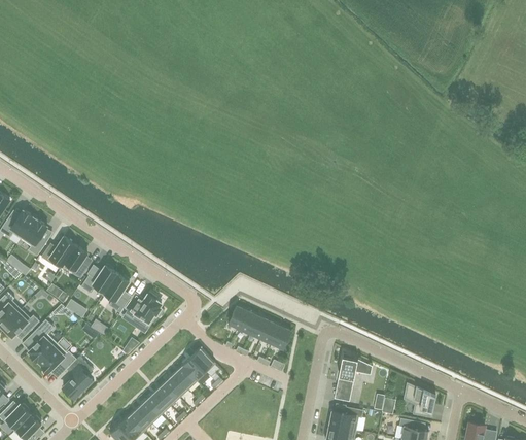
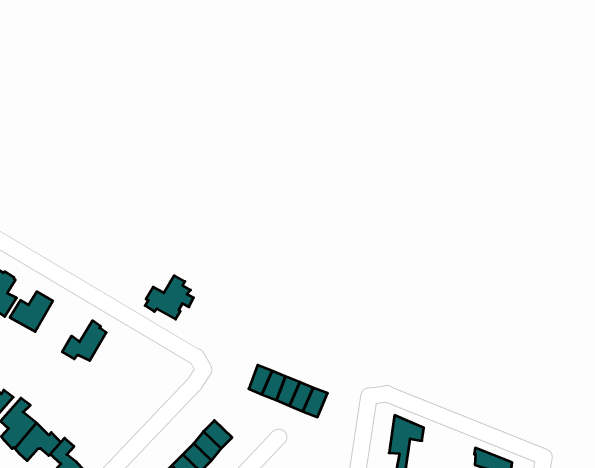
building: [63,245,89,278] -> none
building: [103,273,131,311] -> none
building: [125,292,164,327] -> [145,276,194,319]

